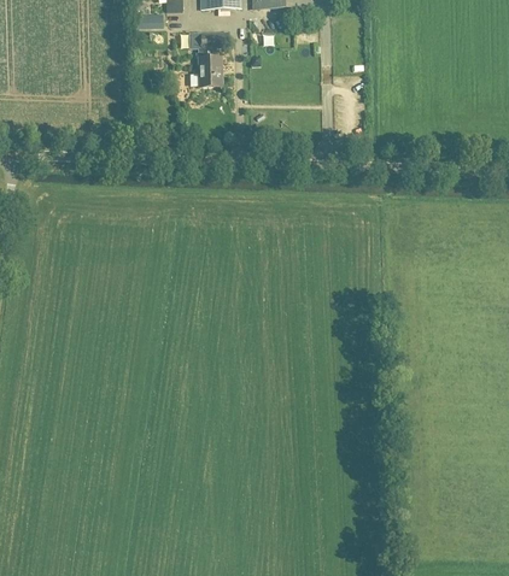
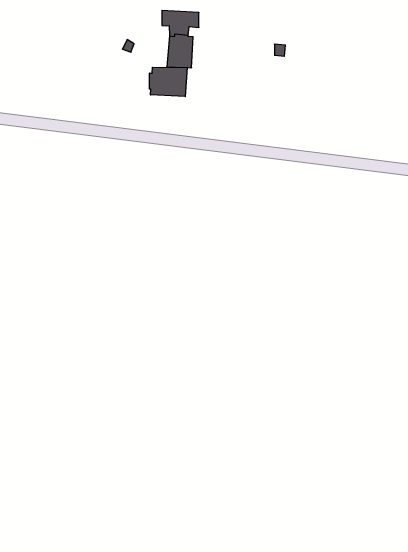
building: none -> [149,67,187,97]

